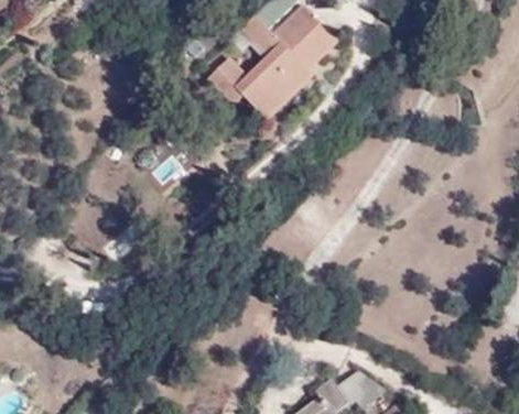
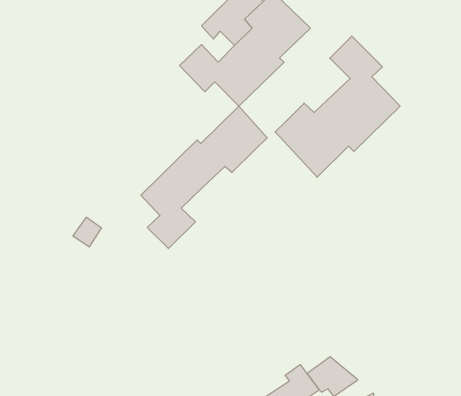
building: none -> [275,36,400,177]
building: none -> [141,106,267,249]

